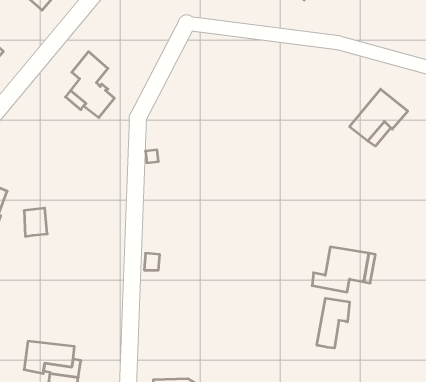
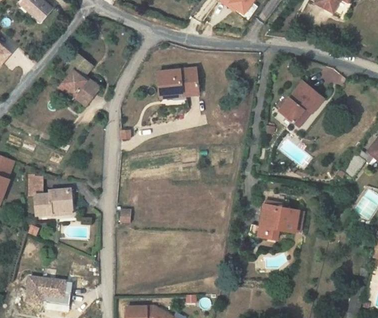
building: none -> [158,68,199,98]
building: none -> [34,189,73,215]
building: [317,298,350,348] -> none

